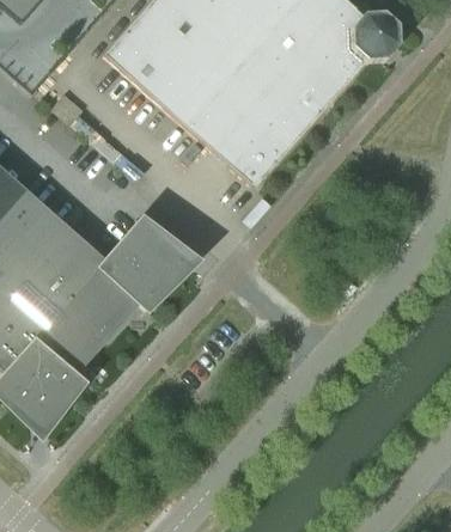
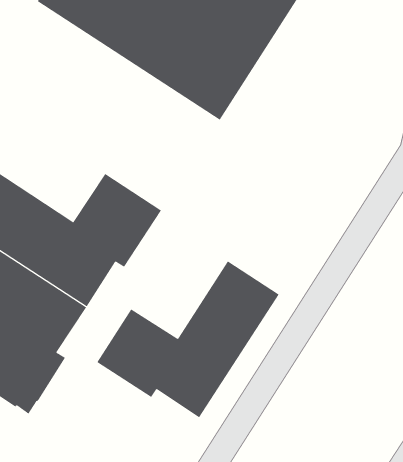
building: none -> [97,261,280,418]

